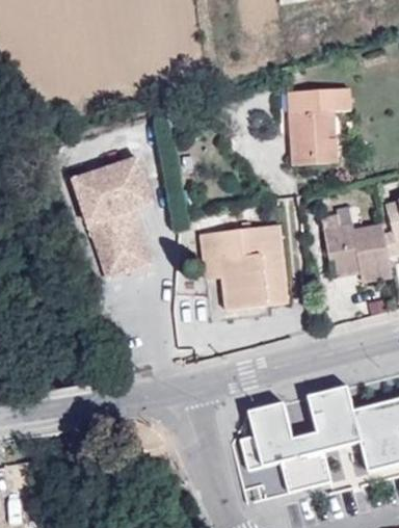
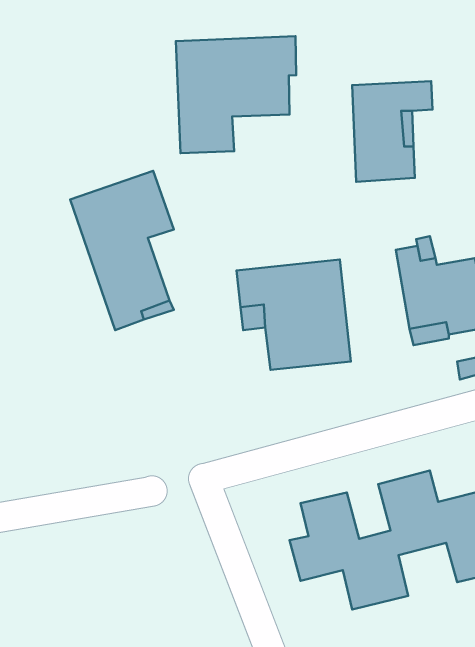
building: none -> [176,36,296,153]

